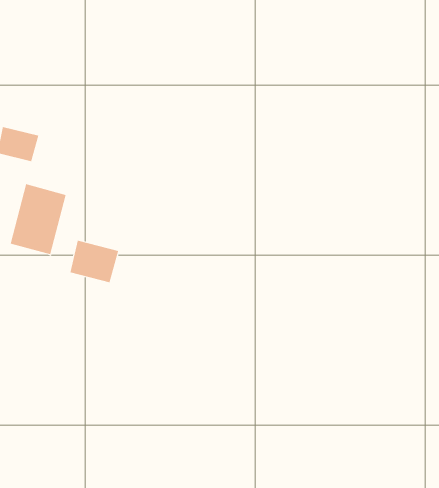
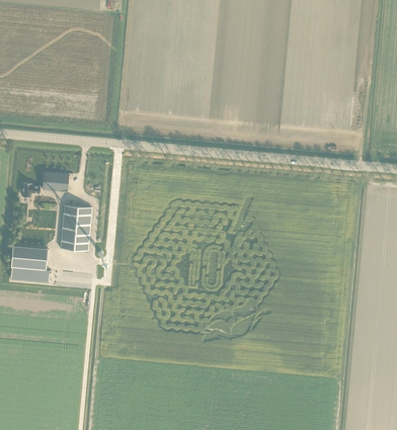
building: [70,240,119,283] -> none

